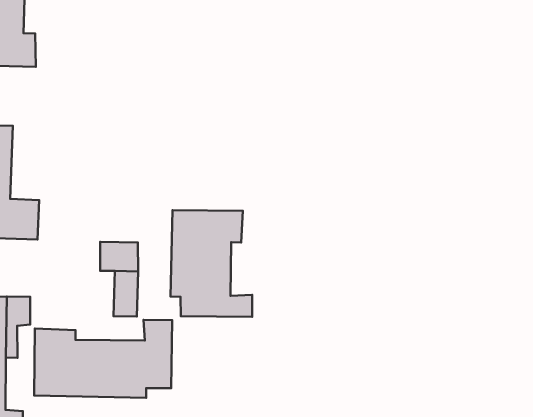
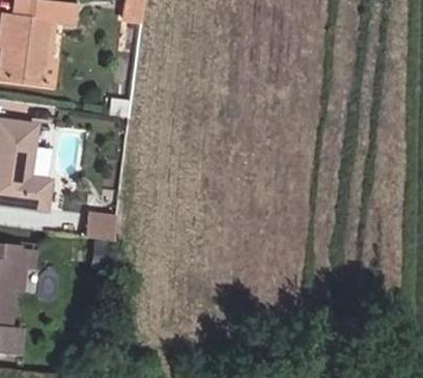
building: [170,210,252,317] -> none
building: [34,320,172,398] -> none

